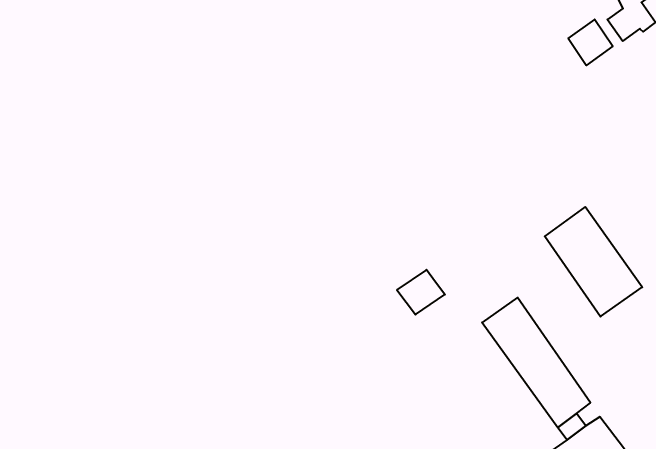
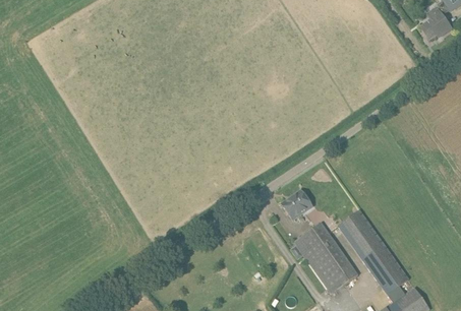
building: [568,19,613,65] -> none
building: [545,207,642,317] -> [294,222,358,294]

